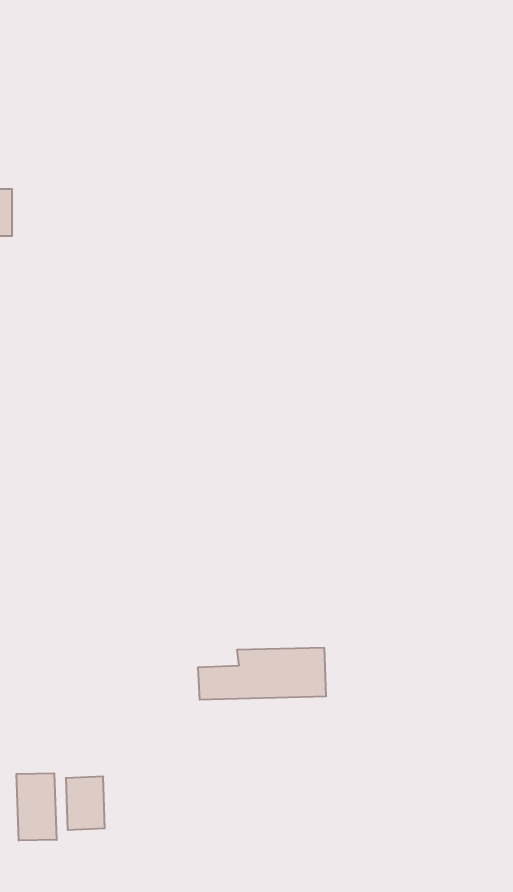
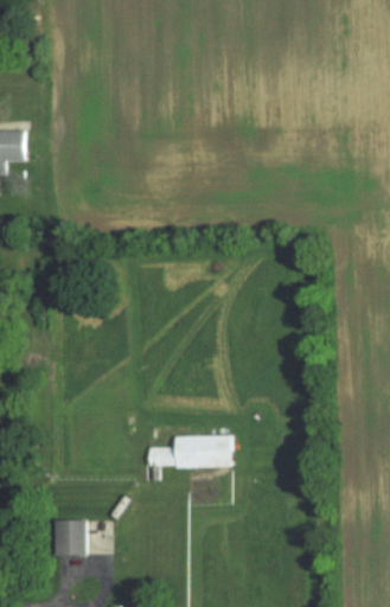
building: [16,773,57,841] -> none

